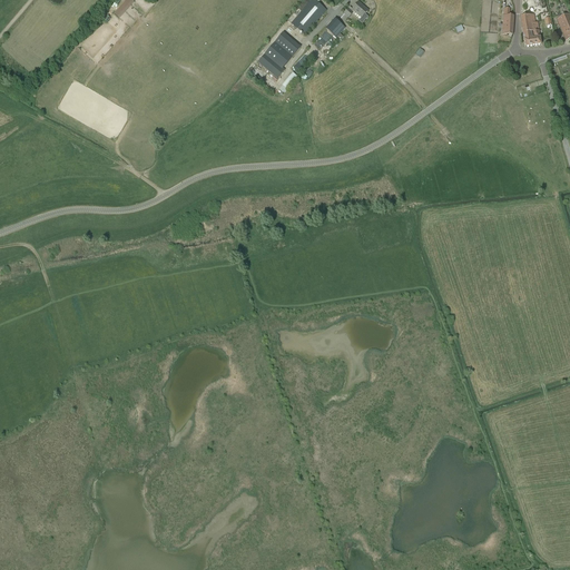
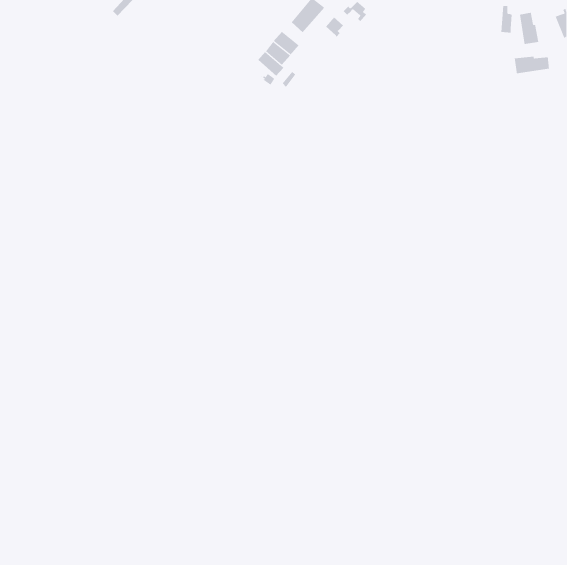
building: none -> [514,56,549,74]

